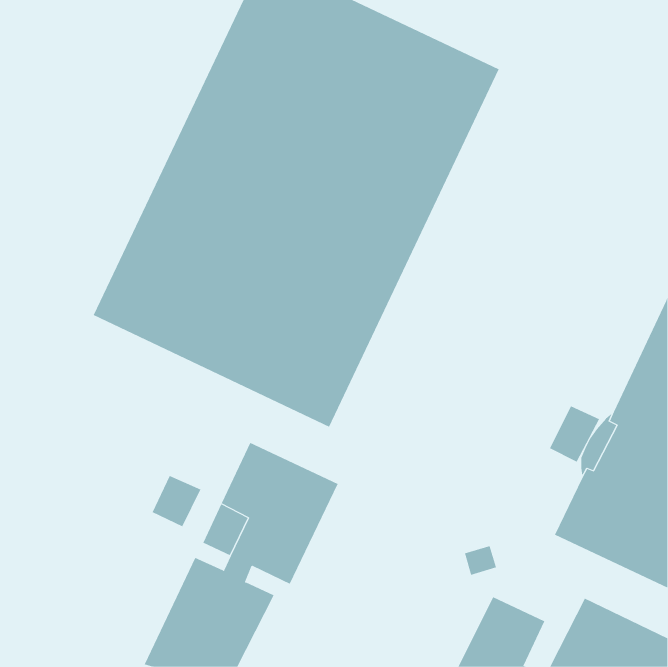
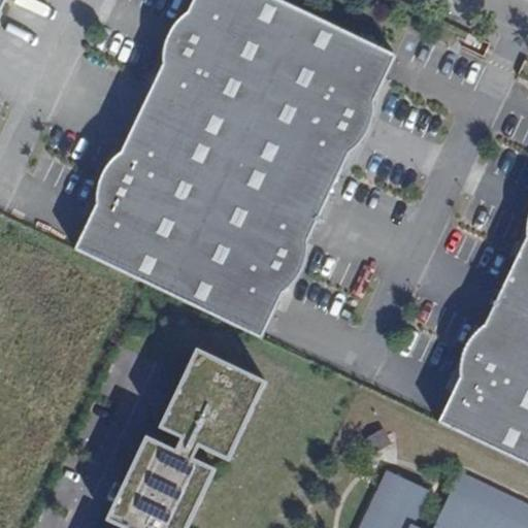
building: [549,406,600,463] -> none
building: [152,475,201,527] -> none

